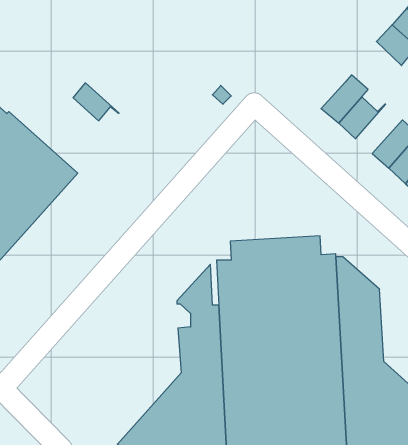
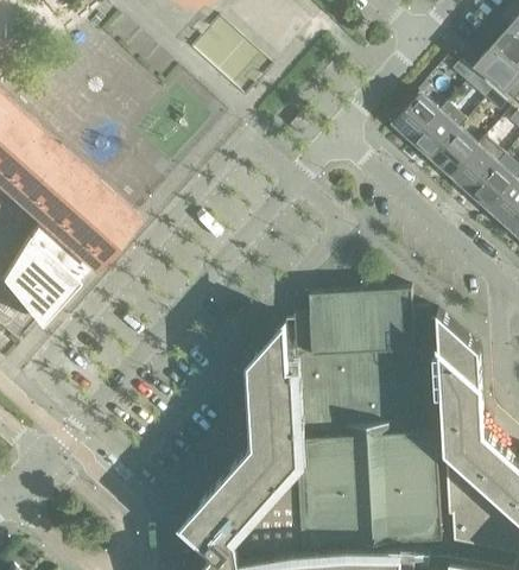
building: none -> [393,97,441,145]
building: [73,83,119,121] -> none
building: none -> [452,140,506,196]

